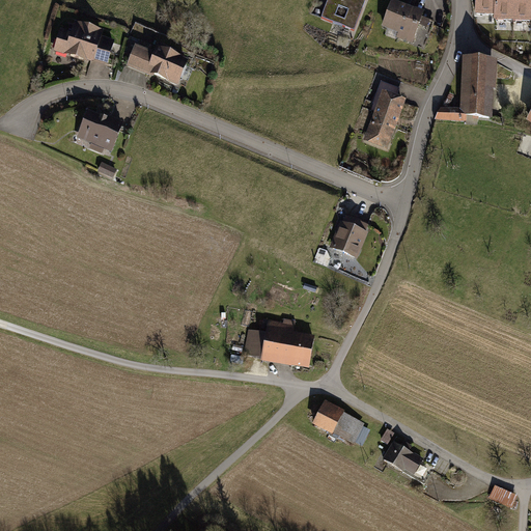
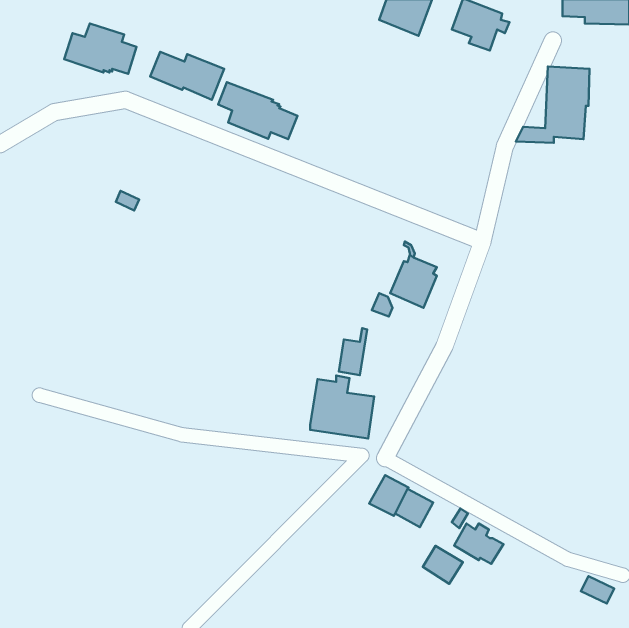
building: none -> [218,82,298,139]
building: [363,81,407,149] -> none
building: [77,108,123,152] -> none
building: [244,318,268,358] -> [339,328,367,375]
building: none -> [423,546,463,584]

